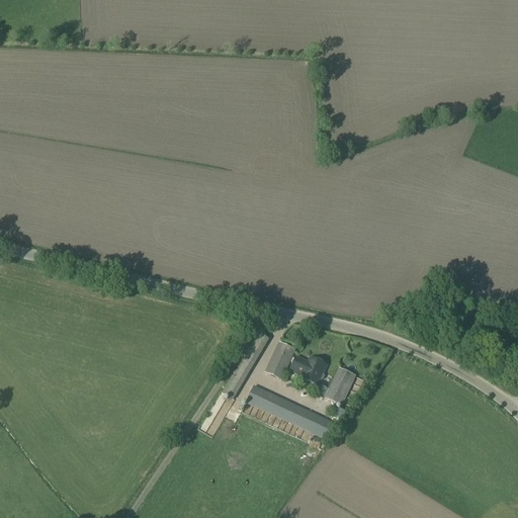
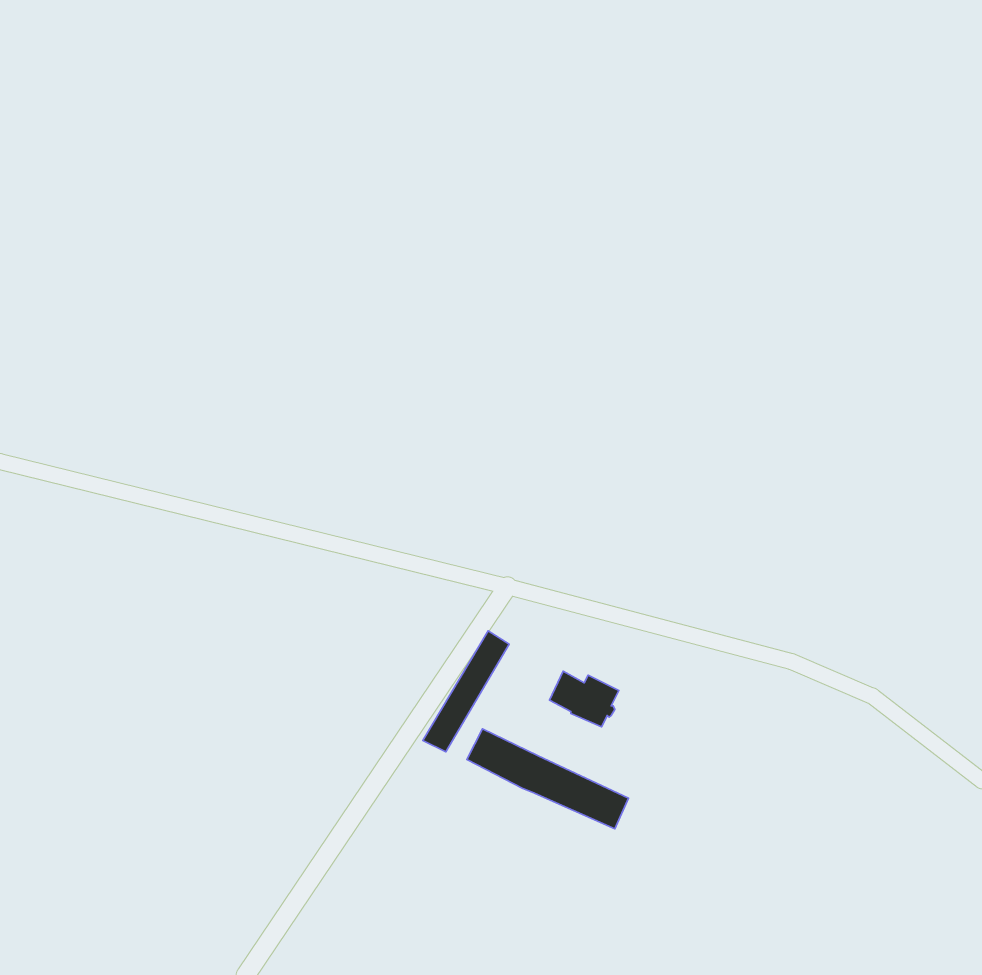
building: [264,340,294,377] -> none
building: [314,365,355,404] -> none

